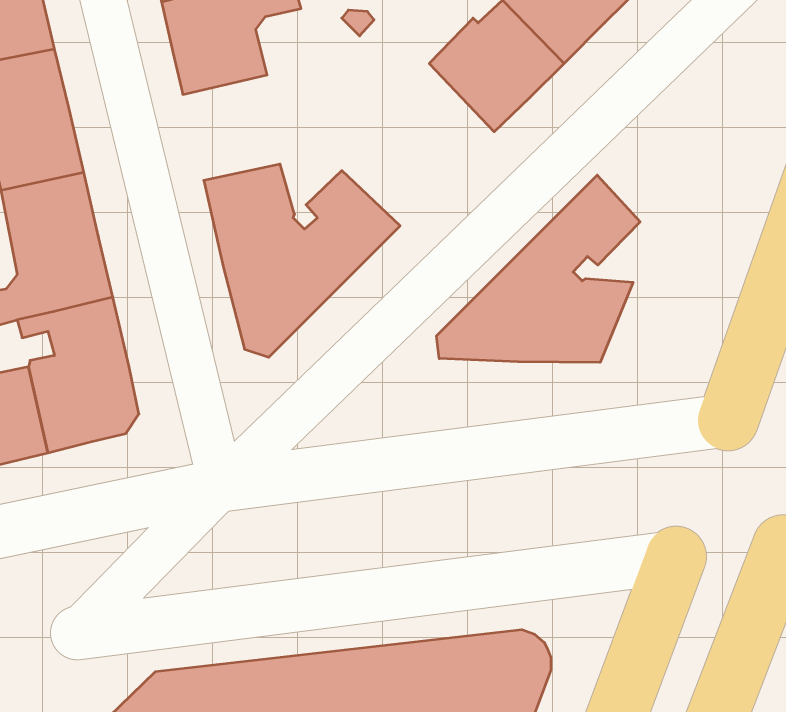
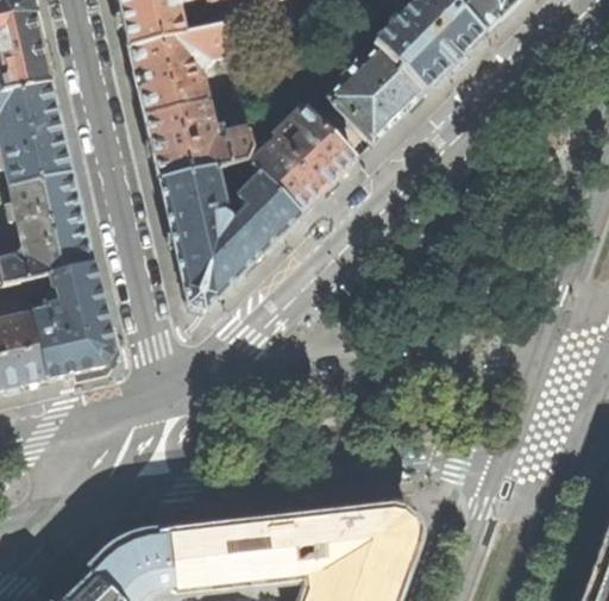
building: none -> [144,98,251,175]
building: none -> [252,104,354,208]
building: [436,175,640,362] -> none

